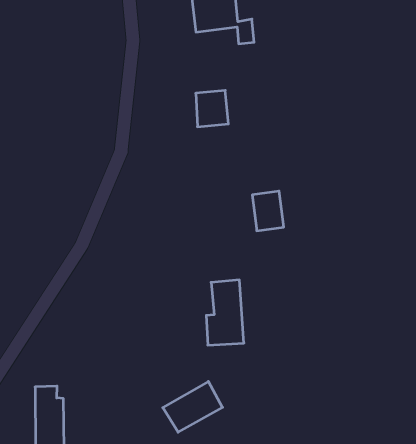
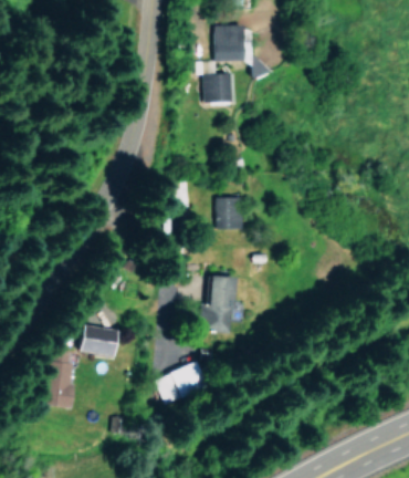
building: [196,90,228,127] -> [203,74,230,103]
building: [252,191,284,231] -> [217,197,241,229]
building: none -> [76,324,114,356]

